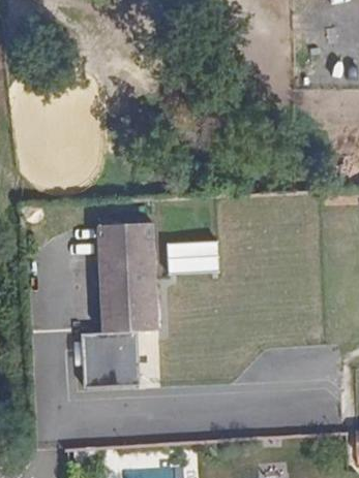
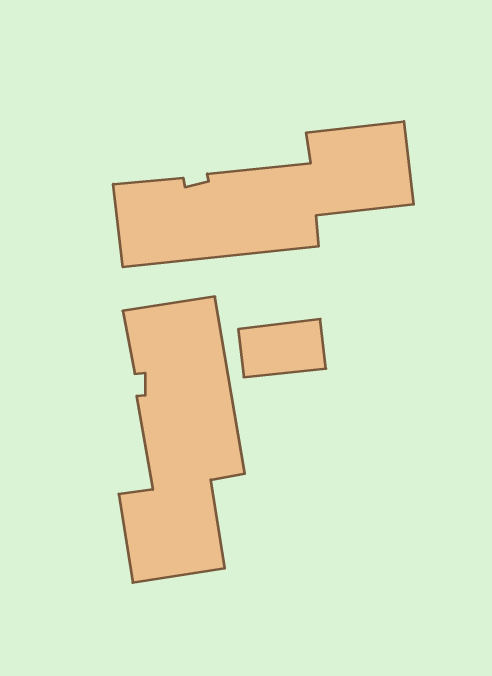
building: none -> [113,121,414,267]

